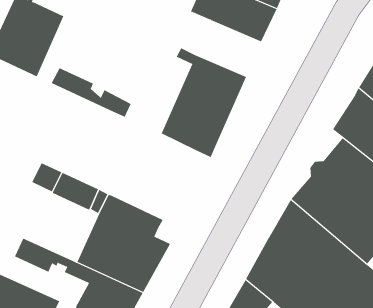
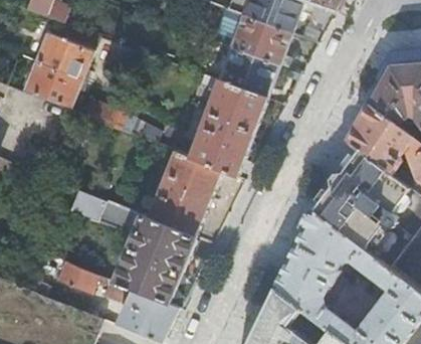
building: none -> [217,47,278,99]
building: none -> [147,151,222,236]

